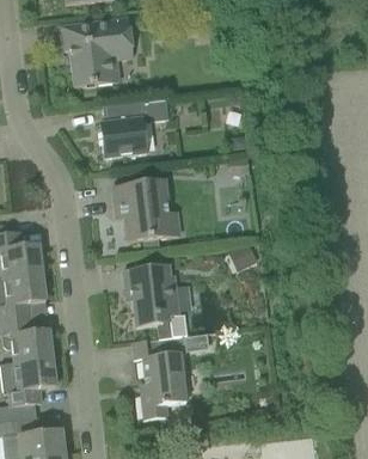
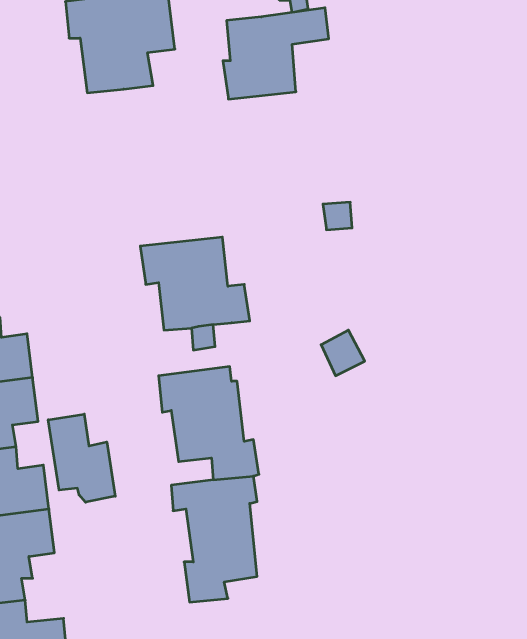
building: [100,98,170,158] -> [223,8,329,99]
building: none -> [48,414,115,502]

